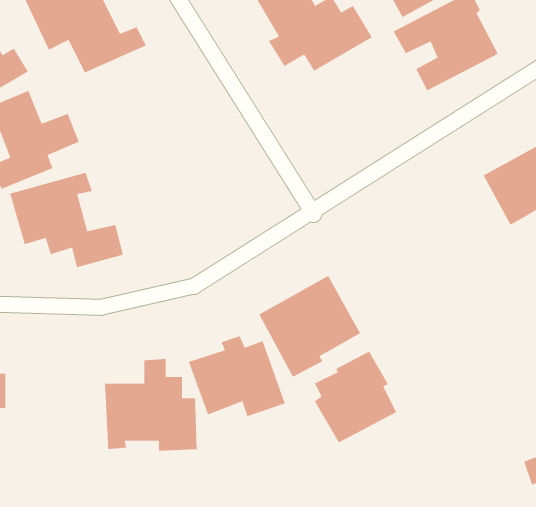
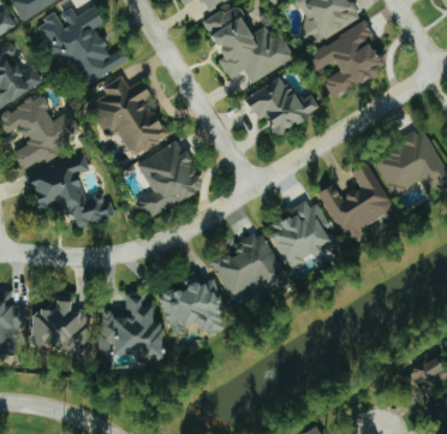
building: none -> [87,76,166,157]
building: none -> [248,76,320,137]
building: none -> [135,142,204,218]
building: none -> [318,162,395,239]
building: [314,350,397,444] -> [273,200,334,268]
building: none -> [32,302,88,350]

